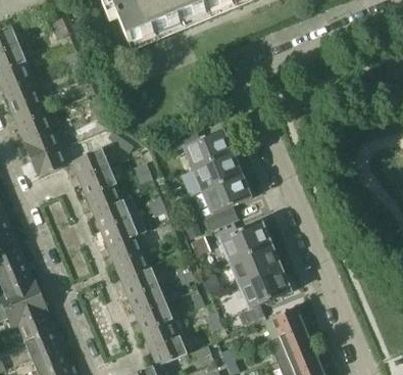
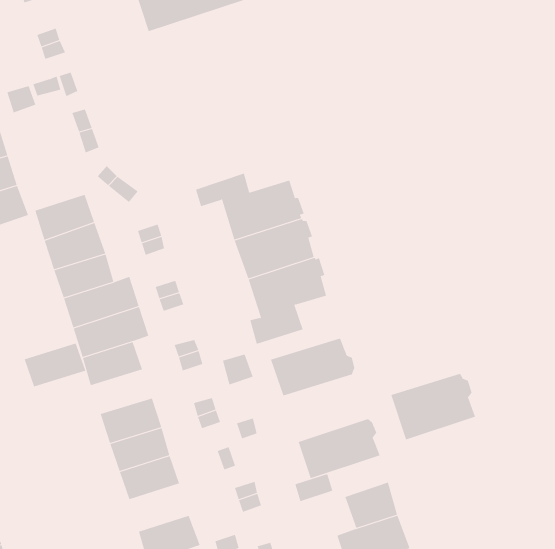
building: [228,243,280,286] -> [390,373,476,440]
building: [112,250,150,279] -> [24,343,86,387]
building: [141,317,178,347] -> none

